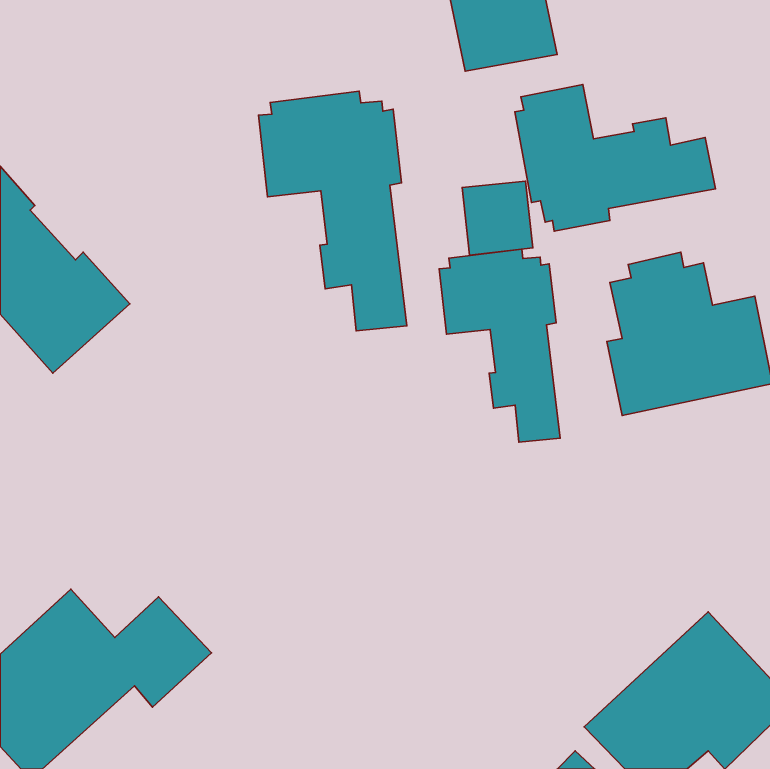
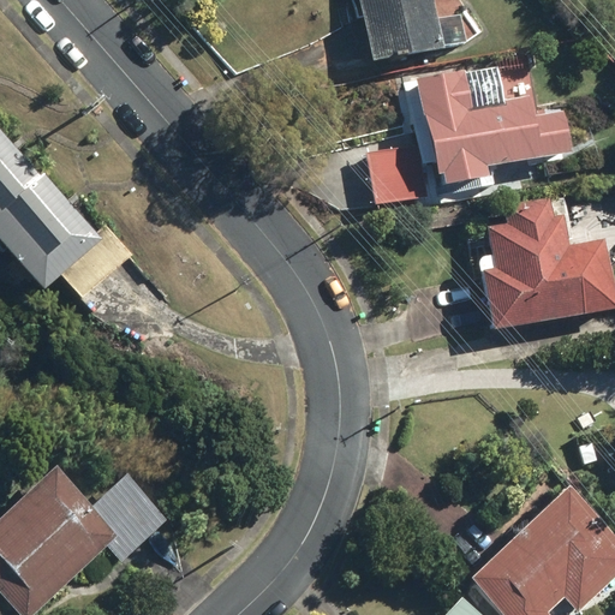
building: [258,91,407,331] -> none
building: [439,249,560,442] -> none

